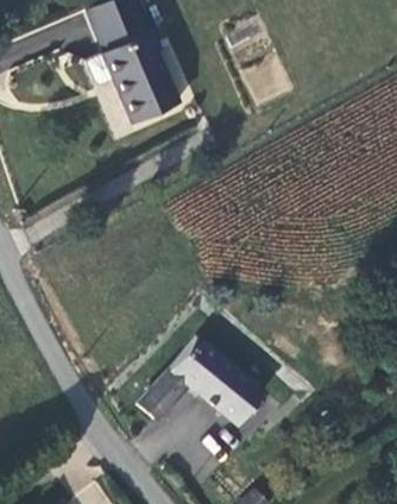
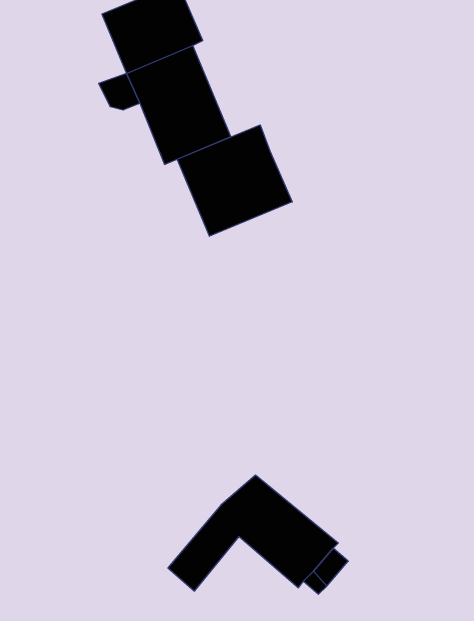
building: none -> [177,125,292,236]

